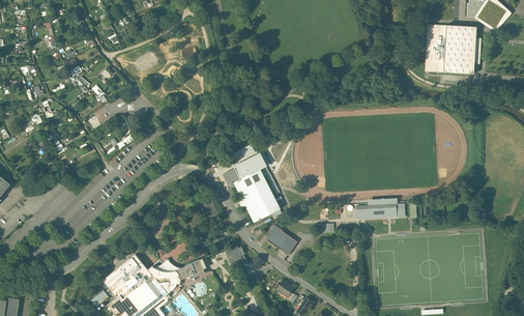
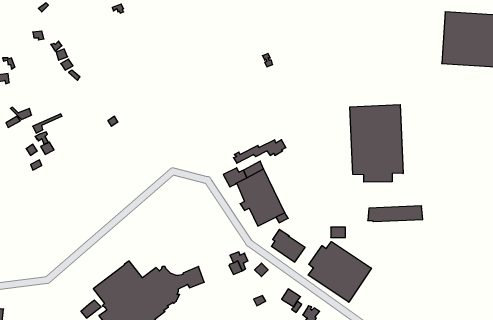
building: none -> [350,105,403,182]
building: none -> [308,242,371,302]

